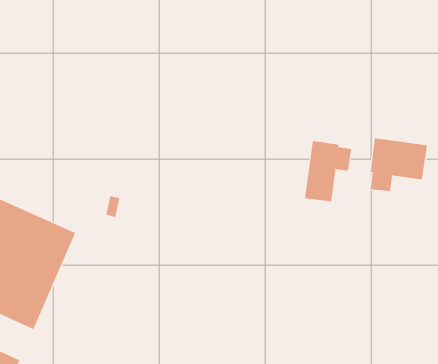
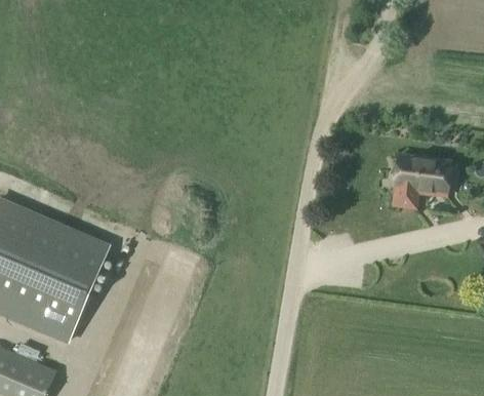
building: [305,140,352,202] -> none

